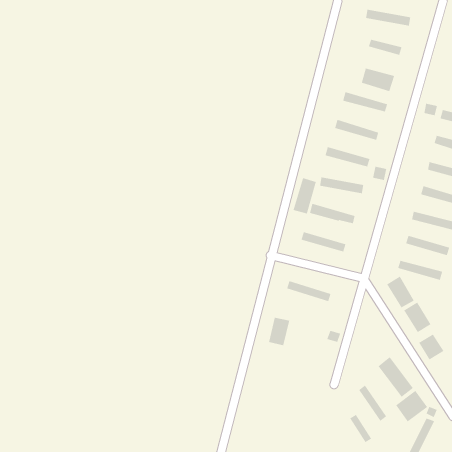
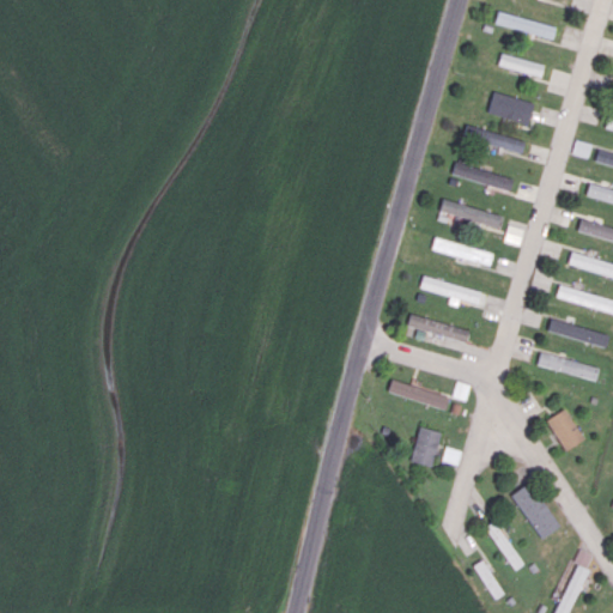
building: [292,177,317,215] -> none
building: [386,275,415,309] -> none
building: [268,317,290,346] -> [411,427,441,467]
building: [418,333,444,360] -> none
building: [395,390,428,422] -> none

